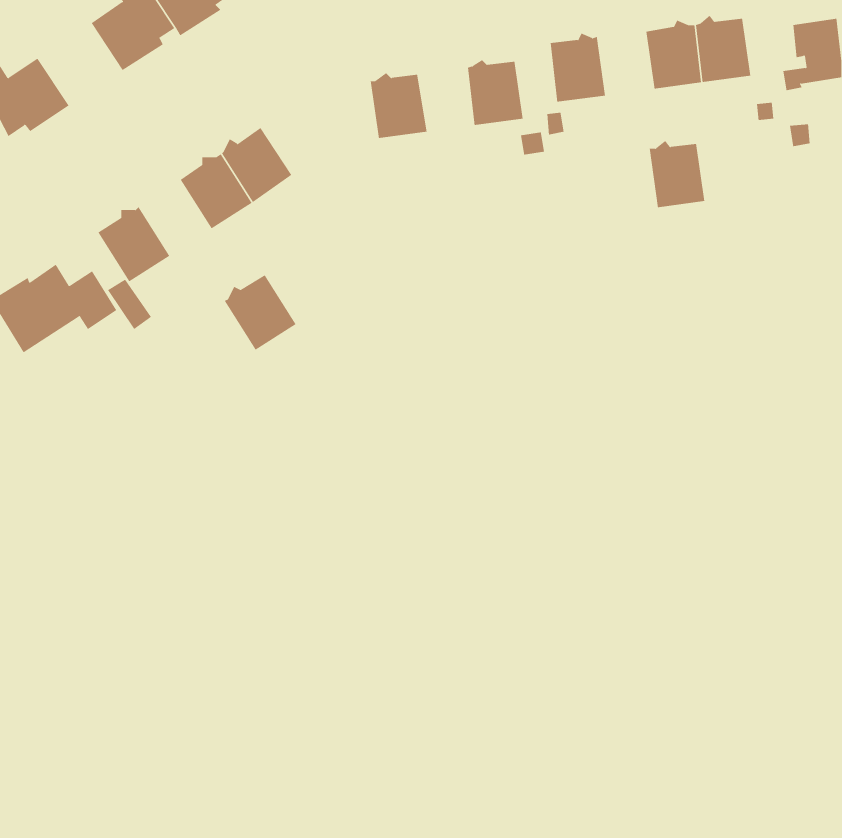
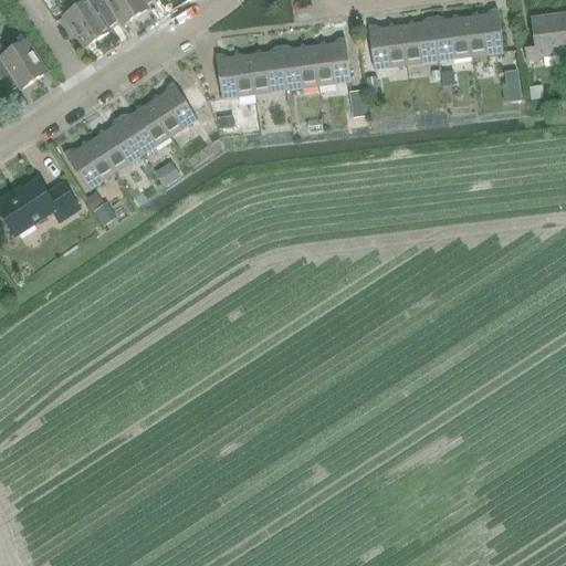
building: none -> [280,42,317,88]
building: none -> [216,51,253,98]
building: [649,140,705,208] -> [400,19,438,64]
building: [224,275,296,350] -> [93,120,142,171]

